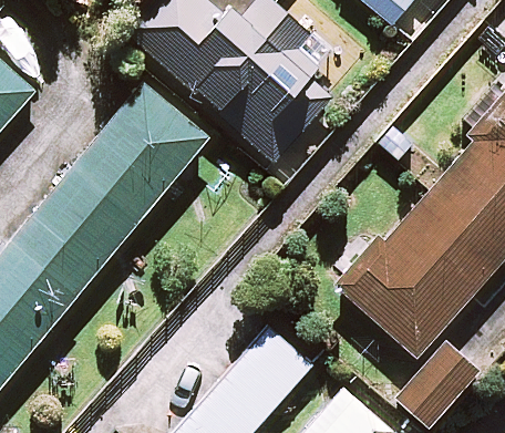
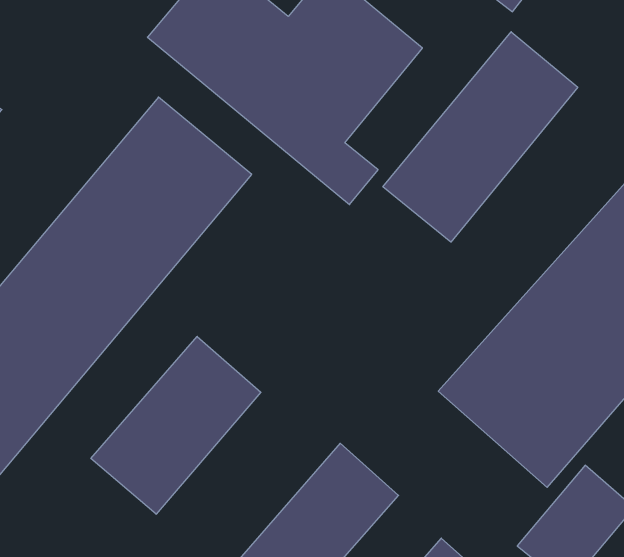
building: none -> [383,32,578,242]
building: none -> [91,336,261,514]

